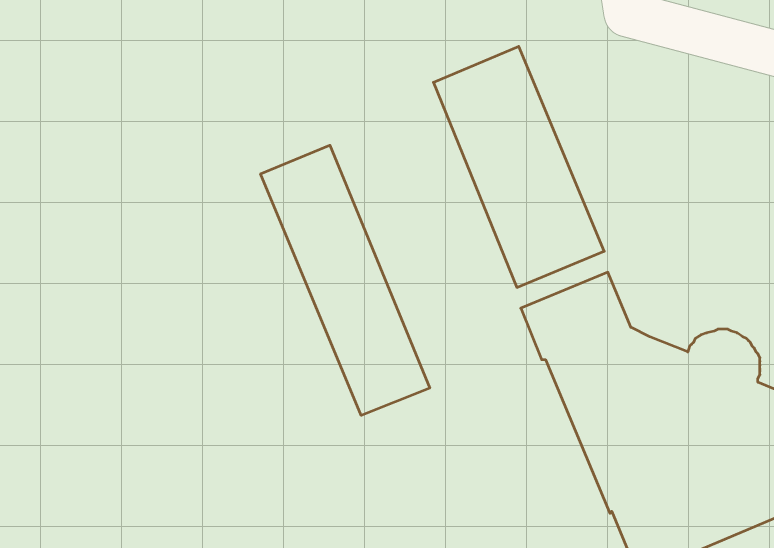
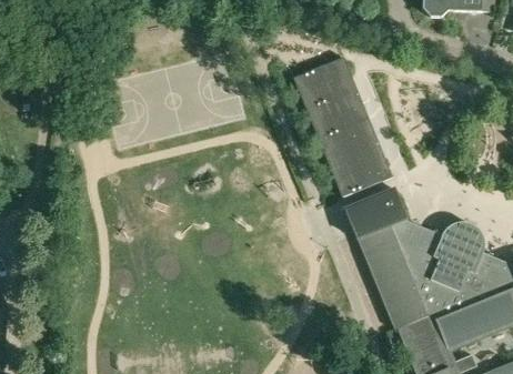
building: [261,145,430,415] -> none

